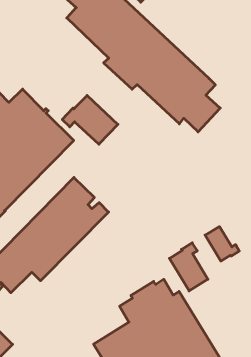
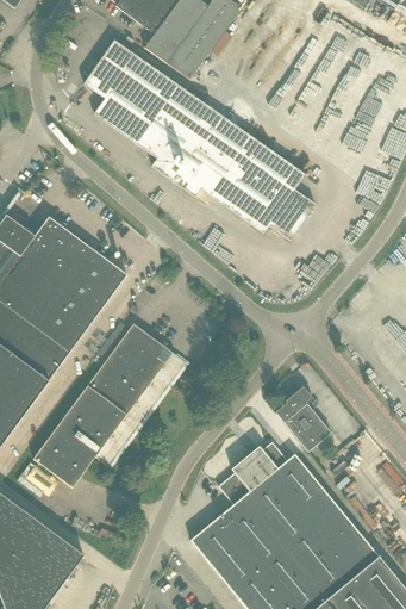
building: [62,95,118,144] -> none
building: [205,227,239,261] -> none

